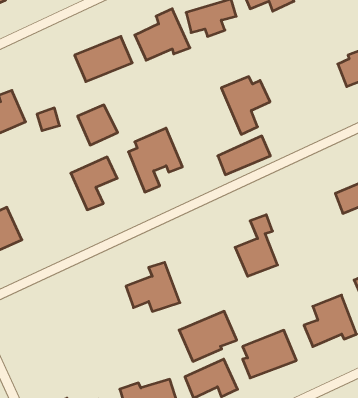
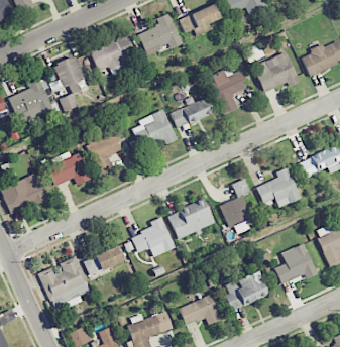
building: none -> [253,51,300,92]
building: [78,105,118,145] -> [53,55,86,88]
building: [218,136,270,175] -> [171,97,213,128]
building: none -> [46,151,90,187]
building: none -> [256,166,301,208]
building: none -> [83,247,124,273]
building: [179,311,237,361] -> [167,200,214,240]
building: none -> [38,256,91,308]

